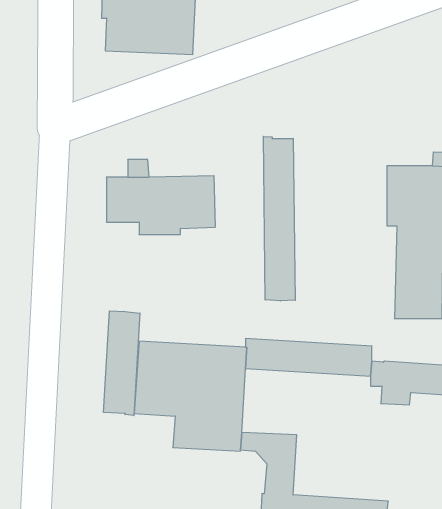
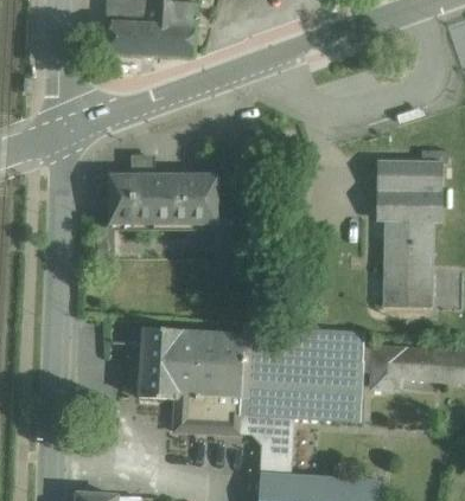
building: [263,136,295,301] -> none
building: [104,311,140,416] -> none
building: none -> [240,354,362,422]

